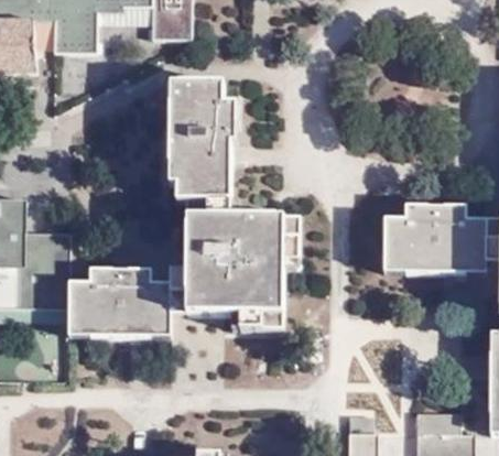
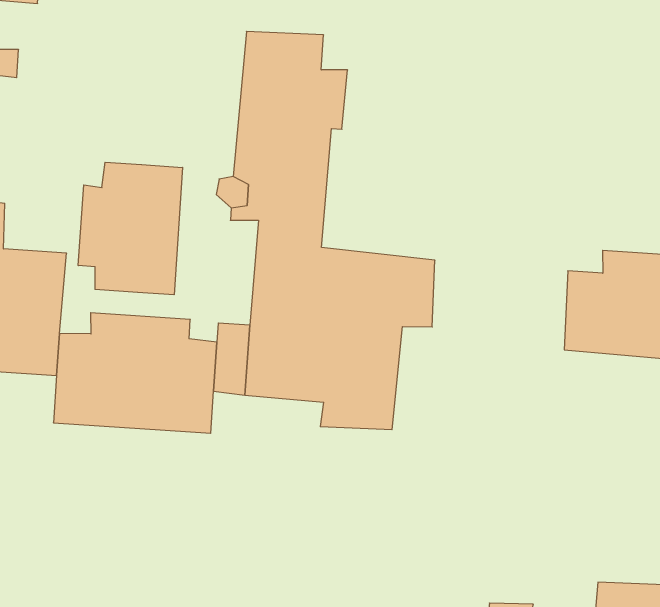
building: none -> [78,162,183,295]

